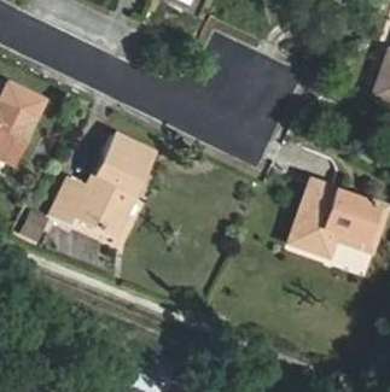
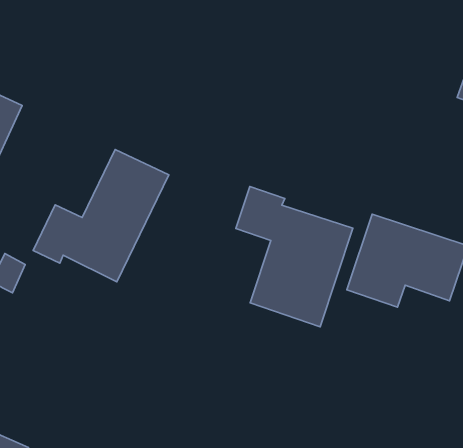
building: none -> [236,186,353,327]

